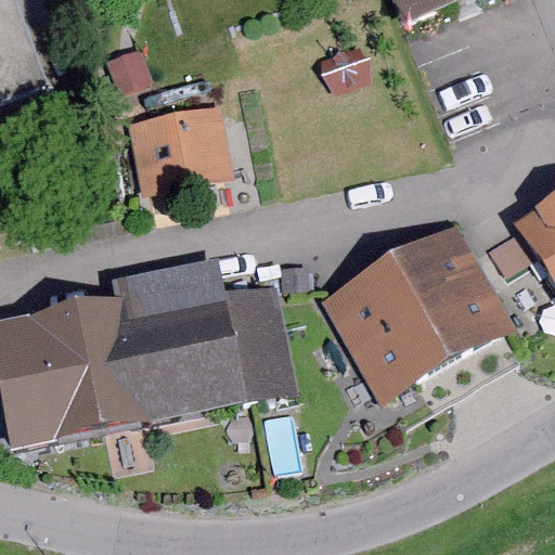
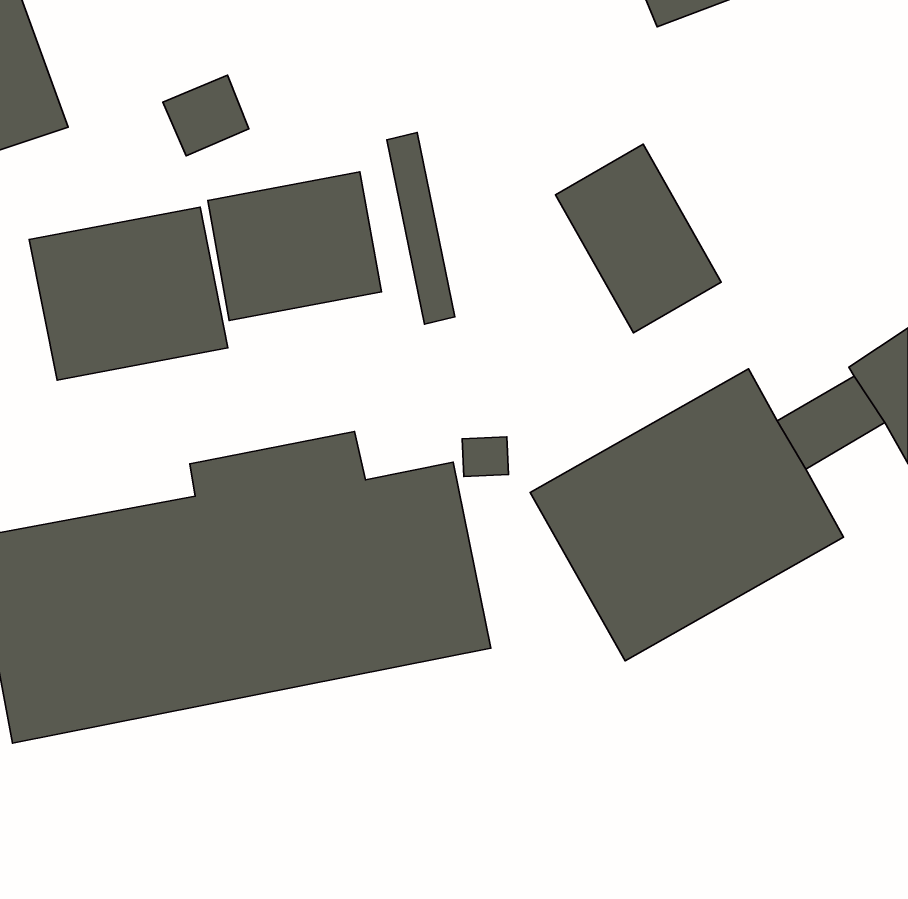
building: none -> [555,144,721,333]
building: none -> [29,207,228,380]

